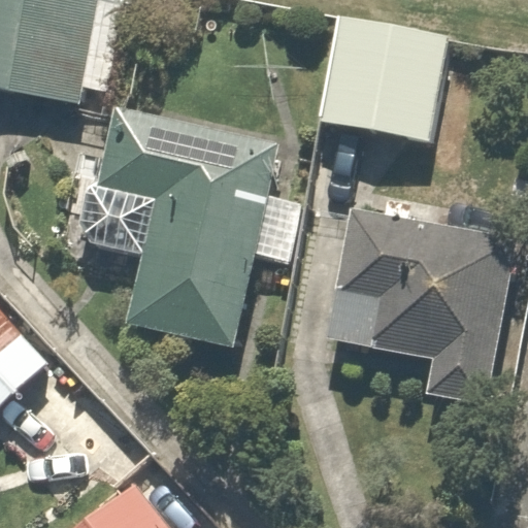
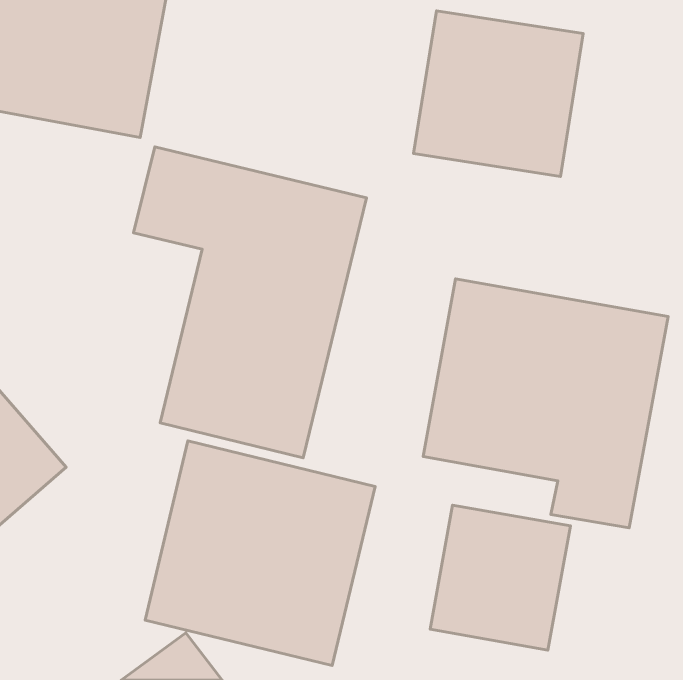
building: none -> [145,441,375,666]
building: none -> [430,505,571,650]

